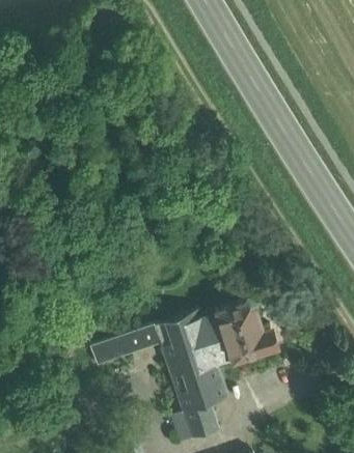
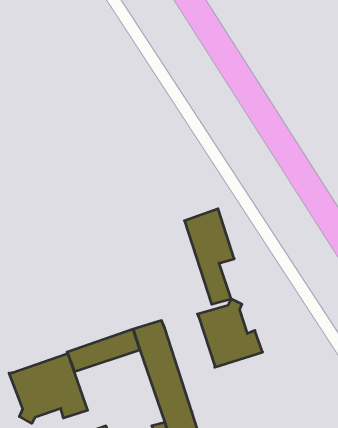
building: [184,312,232,403] -> [184,209,234,304]
building: none -> [9,353,88,423]

